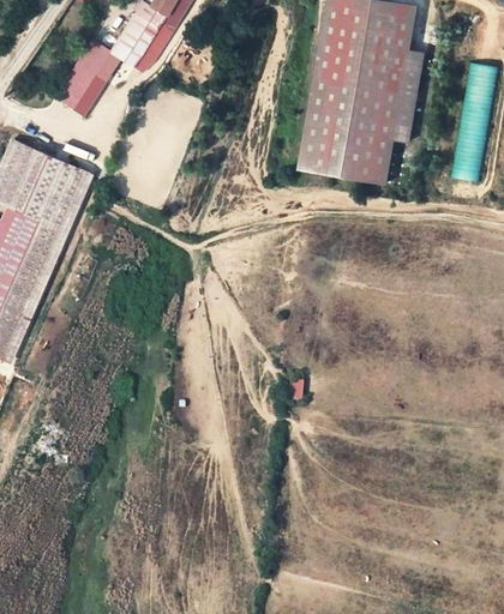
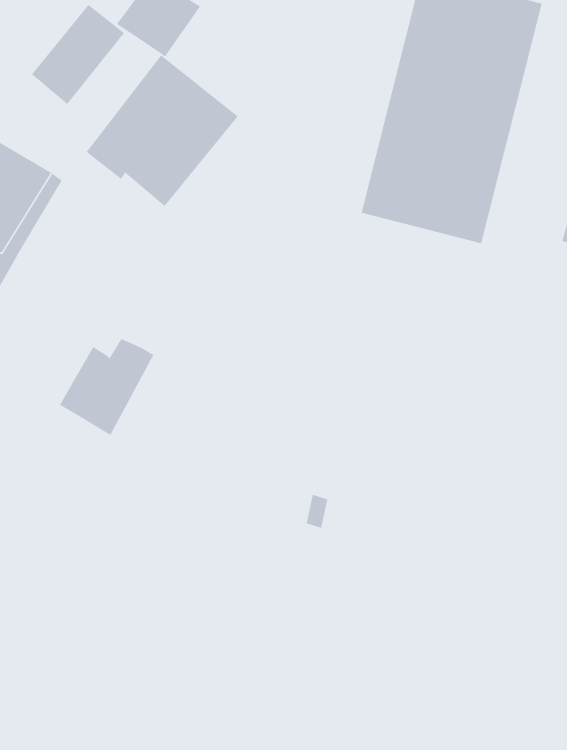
building: none -> [86,54,238,207]
building: none -> [59,338,154,436]

